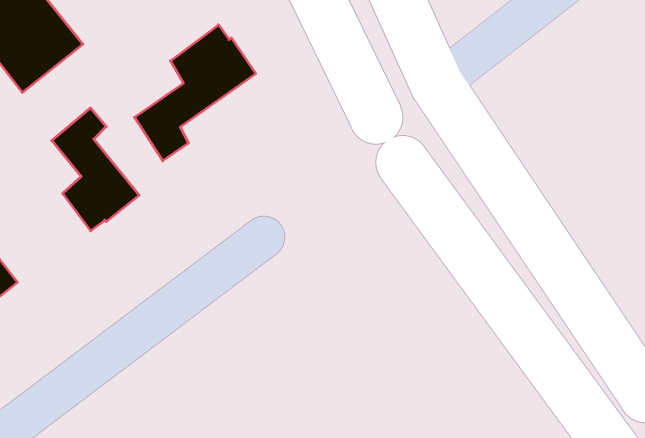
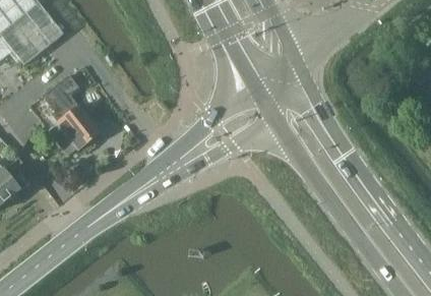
building: [134,25,256,161] -> none

